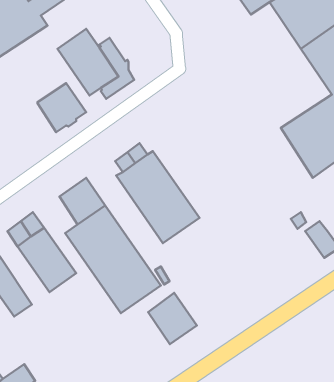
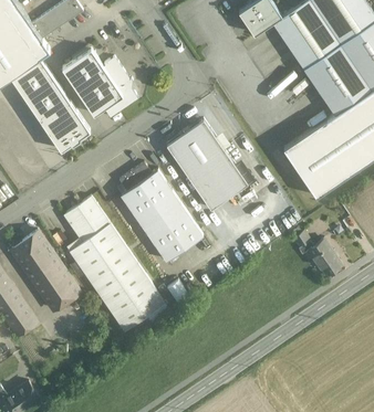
building: none -> [10,57,70,123]
building: none -> [165,117,253,208]
building: [148,293,197,344] -> none

